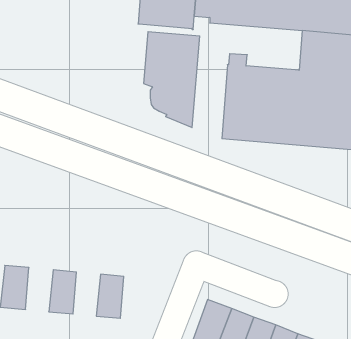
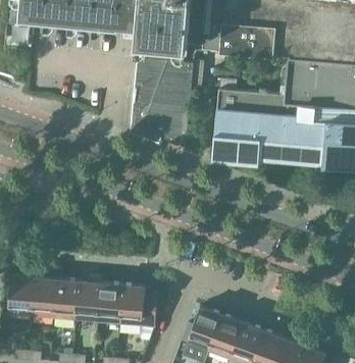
building: none -> [74,277,100,323]
building: none -> [31,278,56,319]
building: none -> [118,287,157,327]

